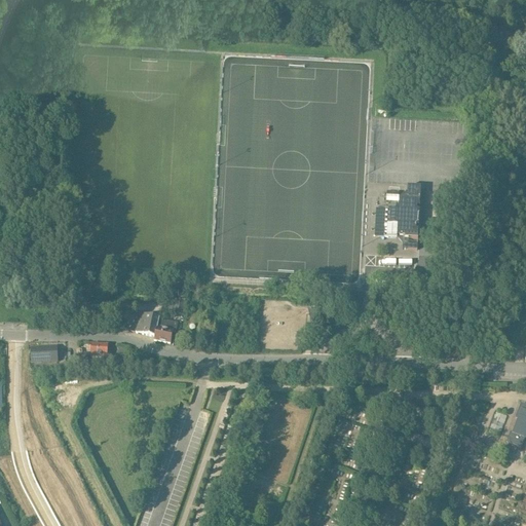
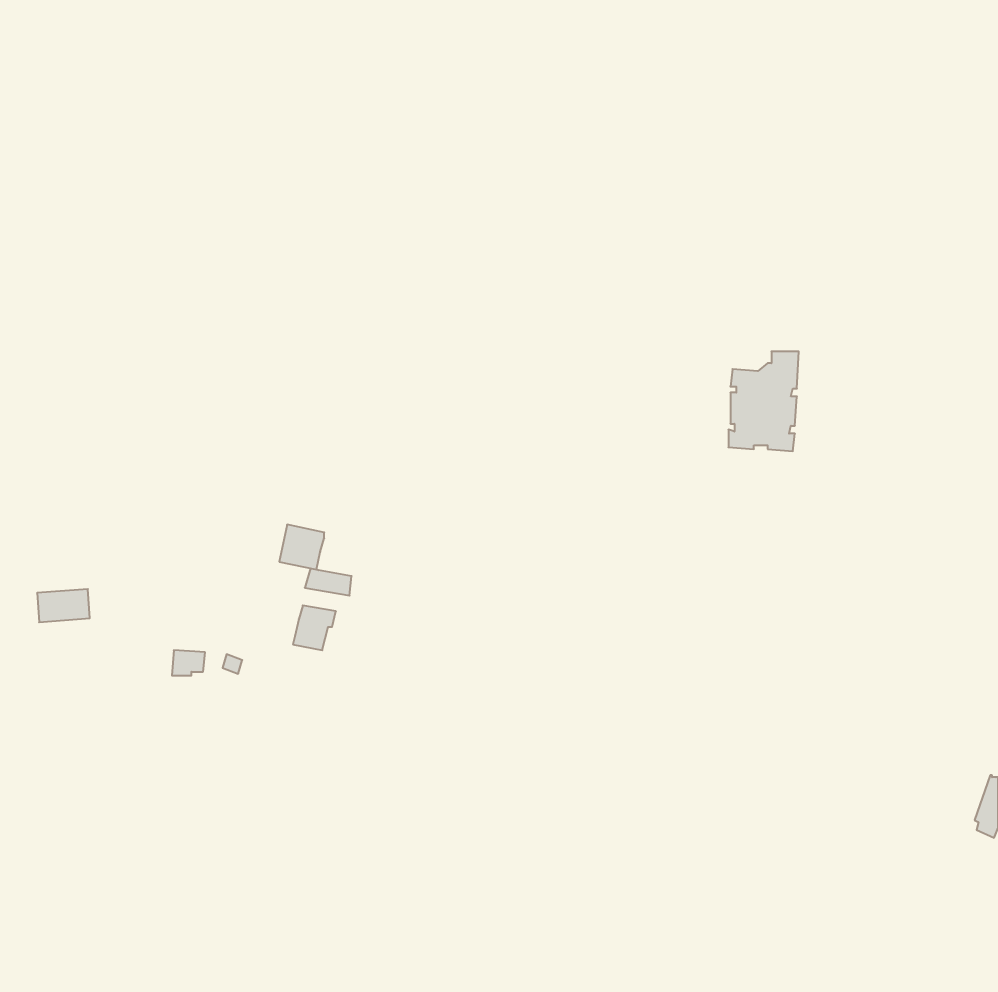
building: [136,311,159,335] -> [279,525,324,569]
building: [30,344,58,362] -> [37,589,90,622]

